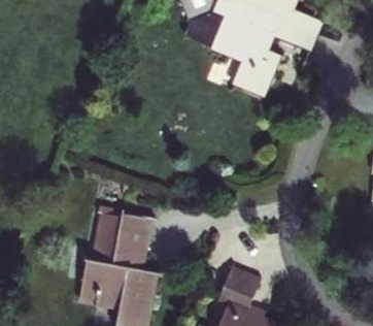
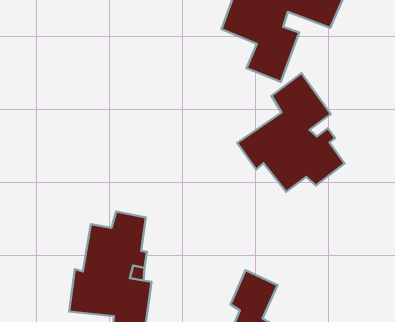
building: none -> [237,73,344,192]

